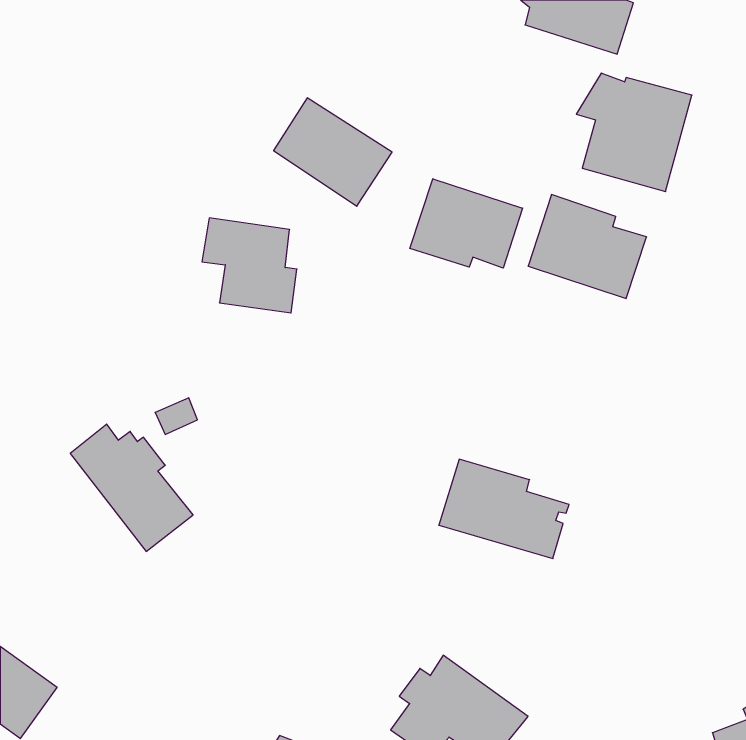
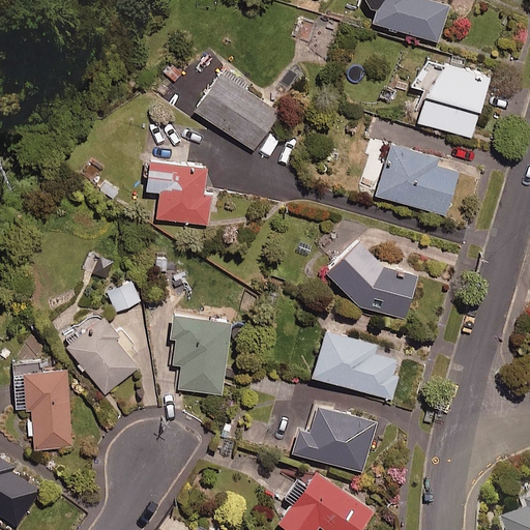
building: [410,179,523,268] -> none
building: none -> [328,238,418,320]
building: none -> [170,315,228,393]
building: none -> [12,364,72,451]
building: none -> [293,407,377,473]

